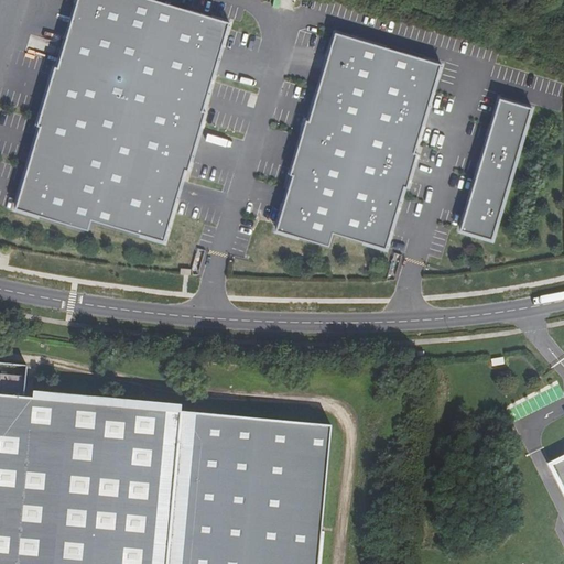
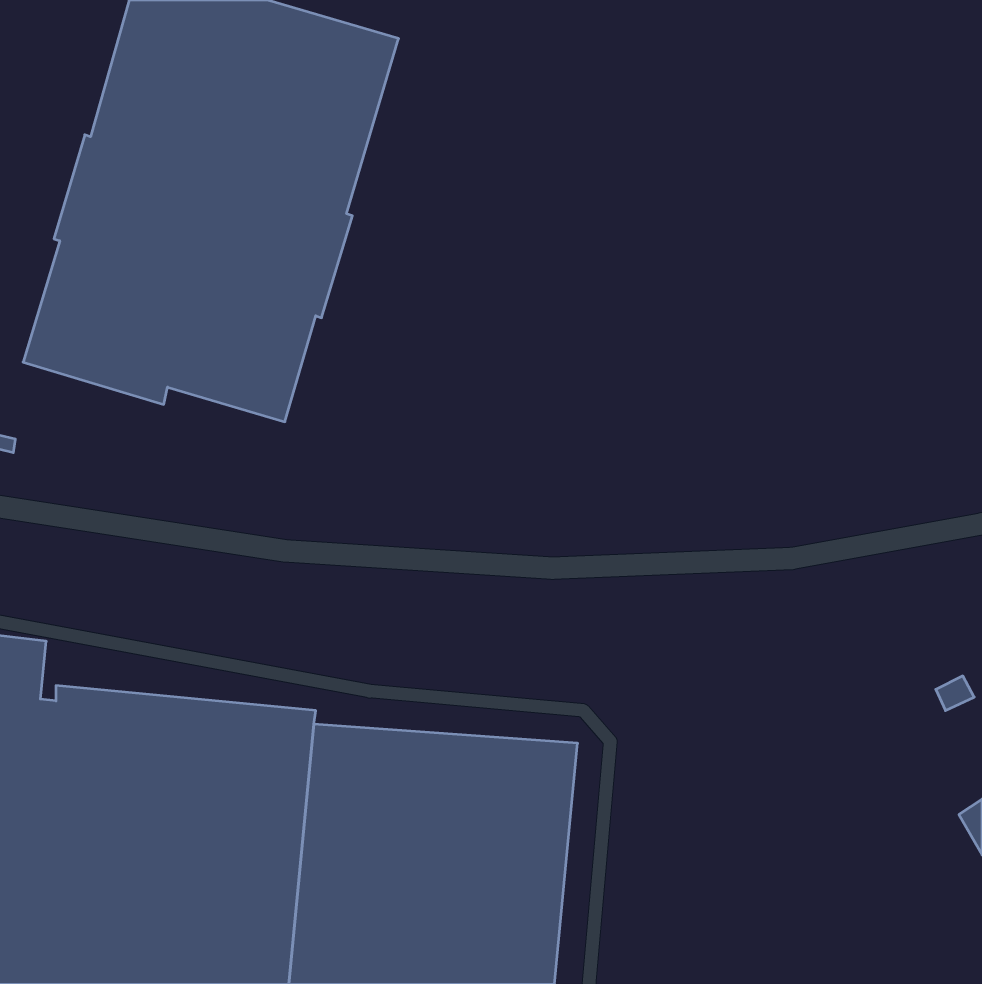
building: [275,32,441,249] -> none
building: [459,98,531,240] -> none

